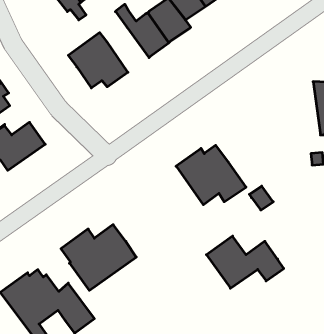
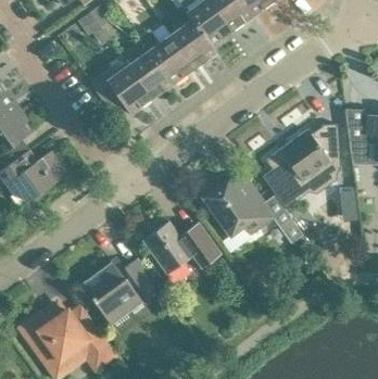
building: none -> [130,52,174,99]
building: none -> [262,124,340,207]
building: [206,236,284,288] -> [141,220,222,275]

